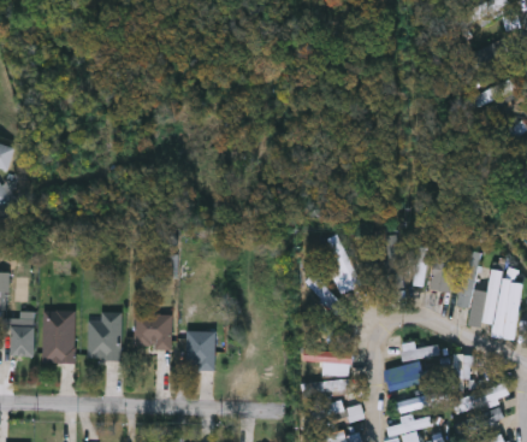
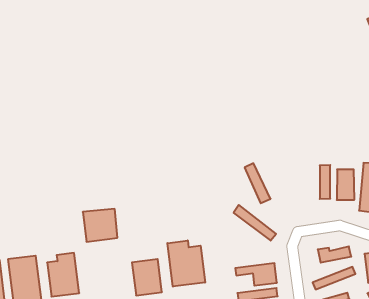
building: [135,313,172,348] -> [83,209,117,242]
building: none -> [167,240,205,287]

